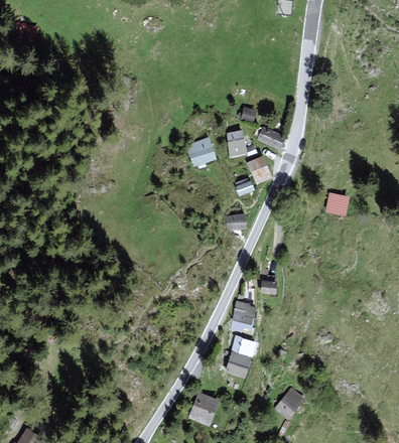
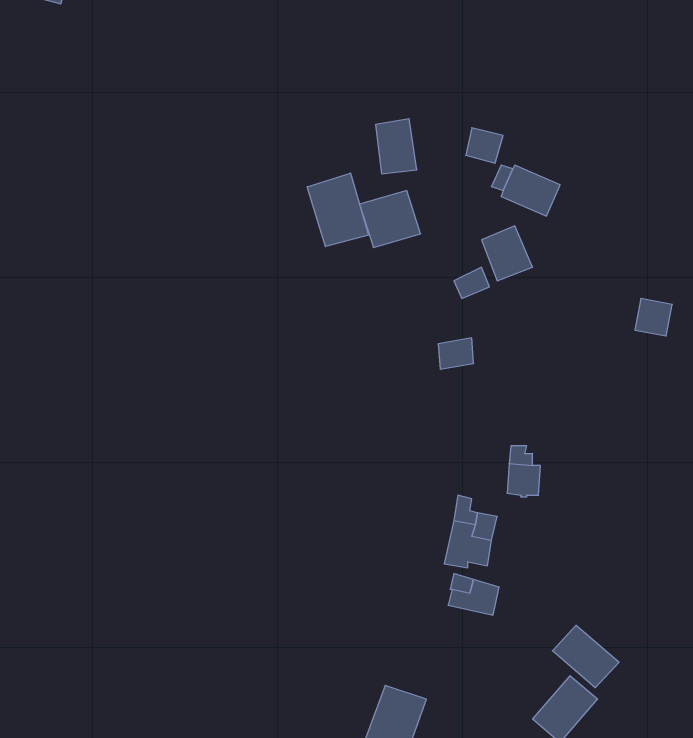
building: none -> [307,173,369,247]
building: [227,130,248,158] -> [376,119,417,174]
building: [223,349,253,379] -> none
building: none -> [552,625,619,688]

